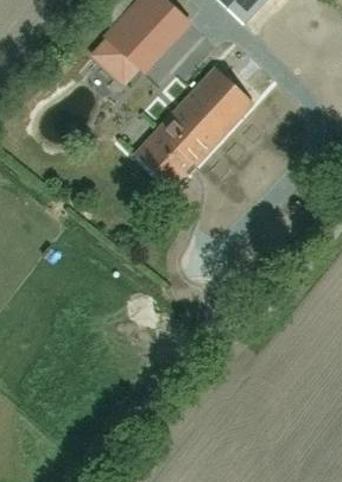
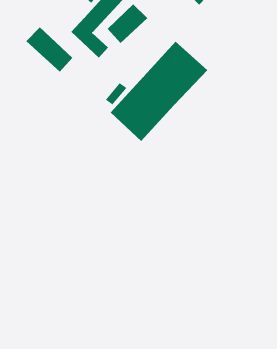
building: none -> [25,26,73,72]

